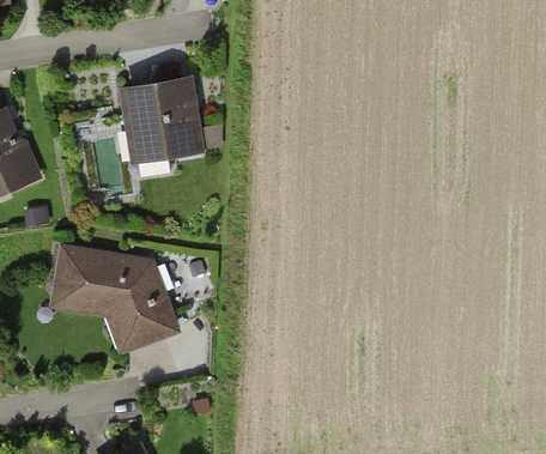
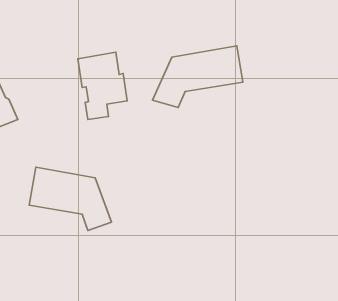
building: none -> [152,46,243,108]

